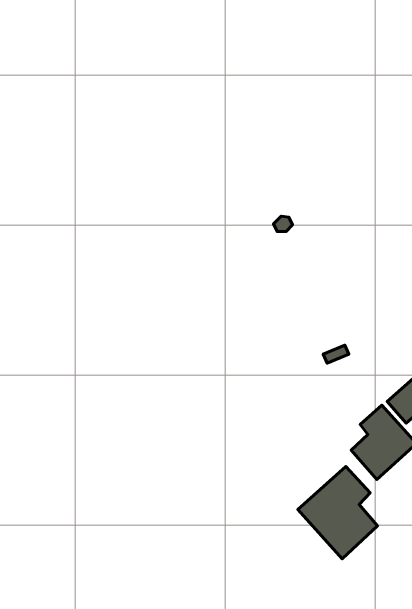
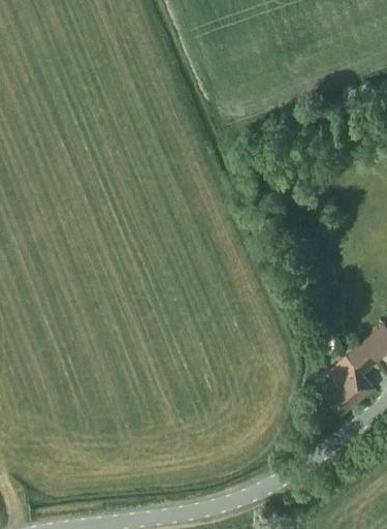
building: [298,467,378,559] -> none

